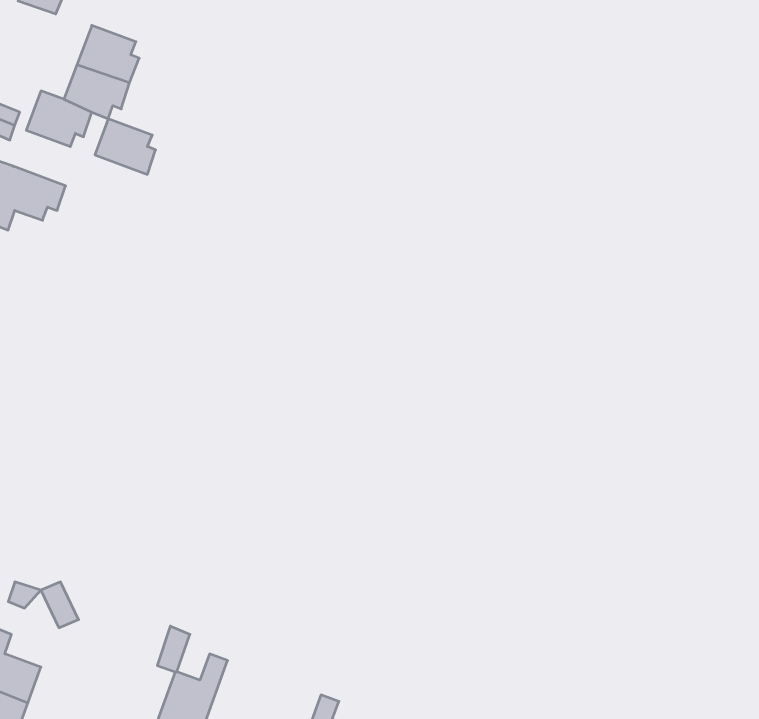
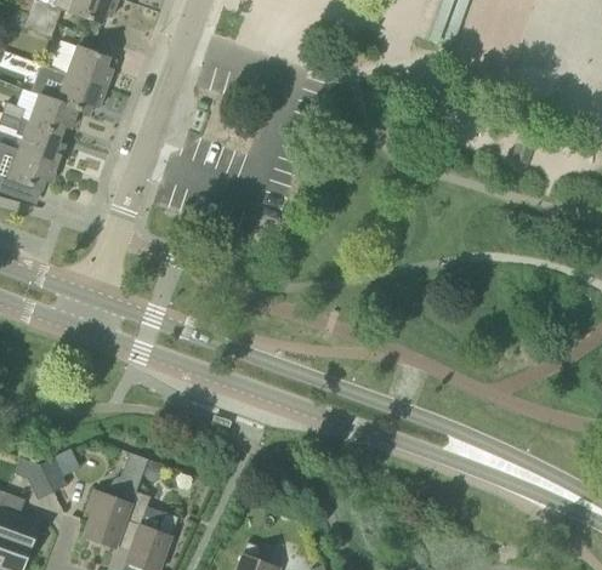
building: [95,119,156,174] -> [18,124,63,165]
building: none -> [83,452,147,548]

